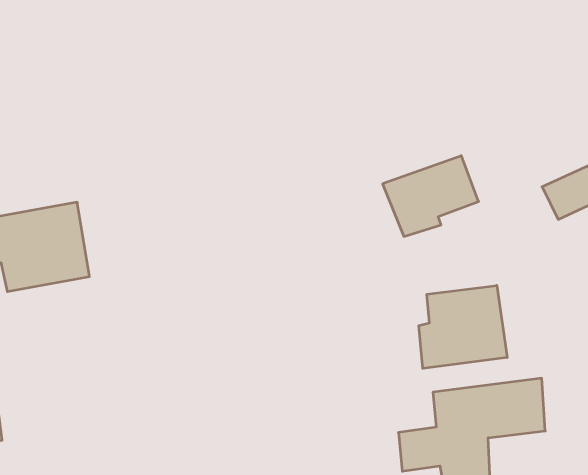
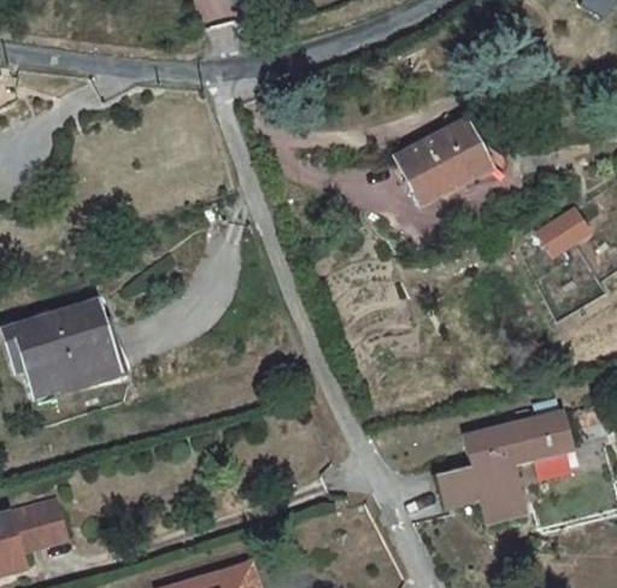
building: [383,156,479,236] -> [399,124,492,207]
building: [419,285,507,368] -> none

